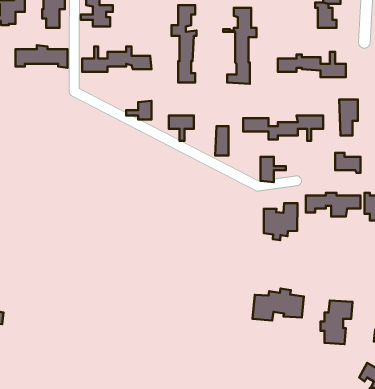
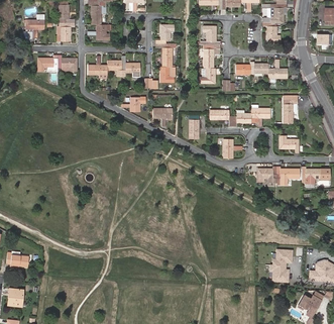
building: [264,203,298,240] -> none
building: [252,289,304,320] -> none

